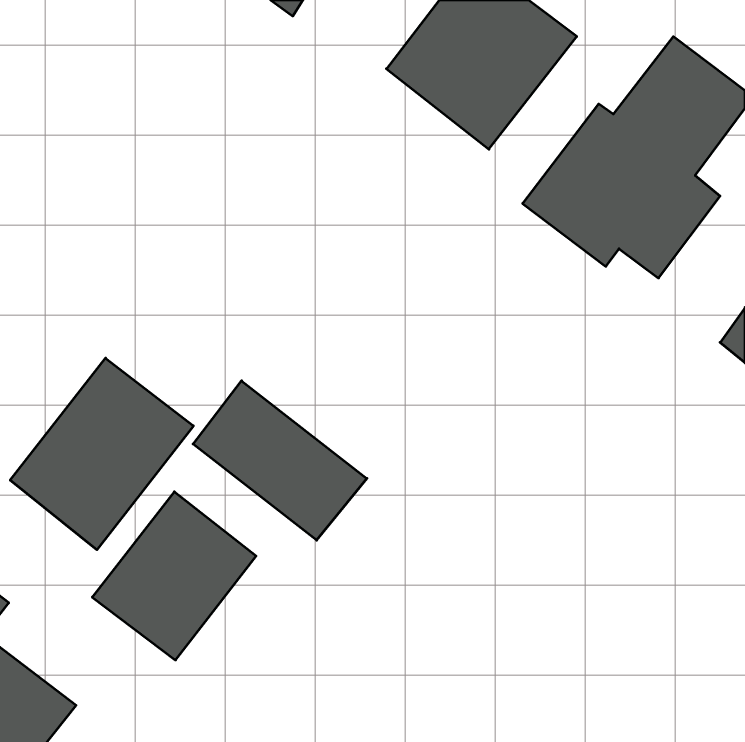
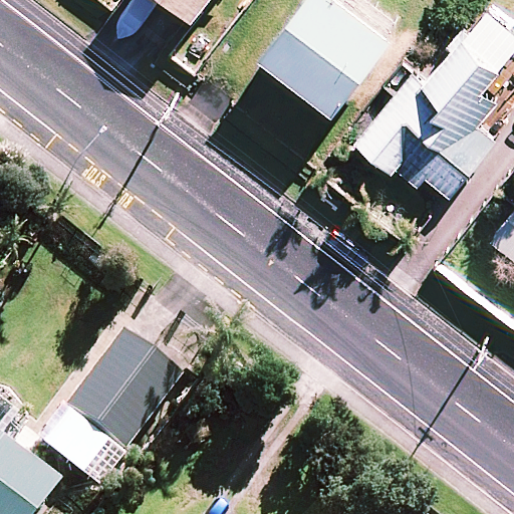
building: [10,358,193,550] -> none
building: [193,381,367,540] -> none

